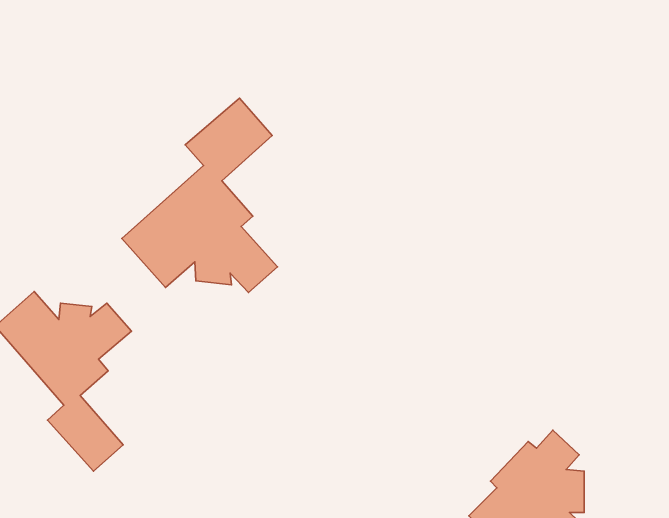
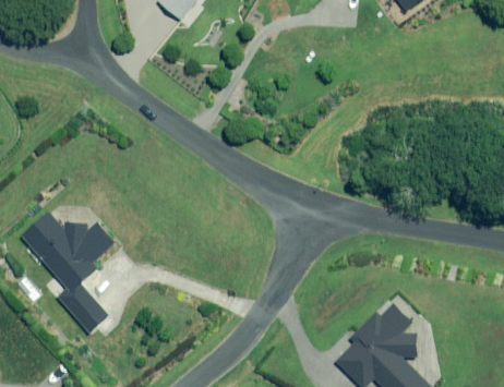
building: [122,98,277,292] -> none

